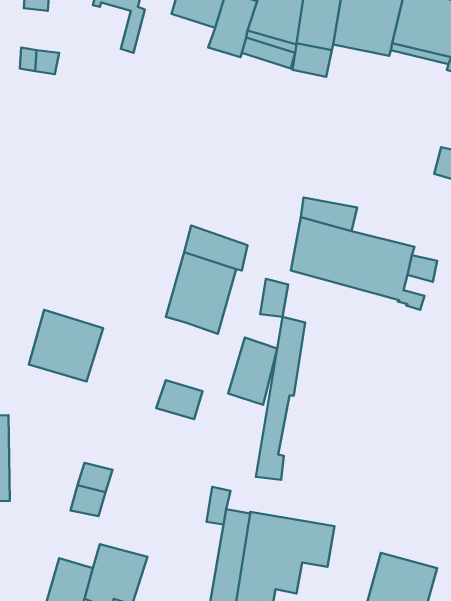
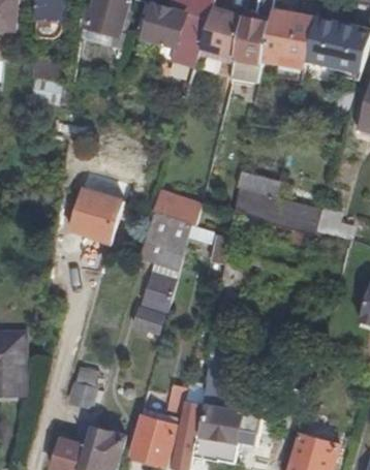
building: [29,310,103,382] -> [68,188,123,241]
building: [228,337,277,405] -> [142,263,178,313]
building: none -> [132,414,178,464]

